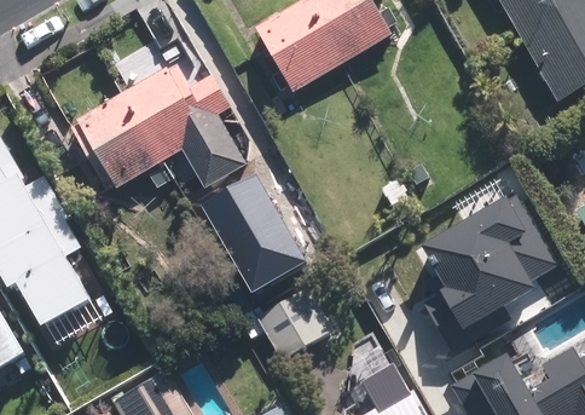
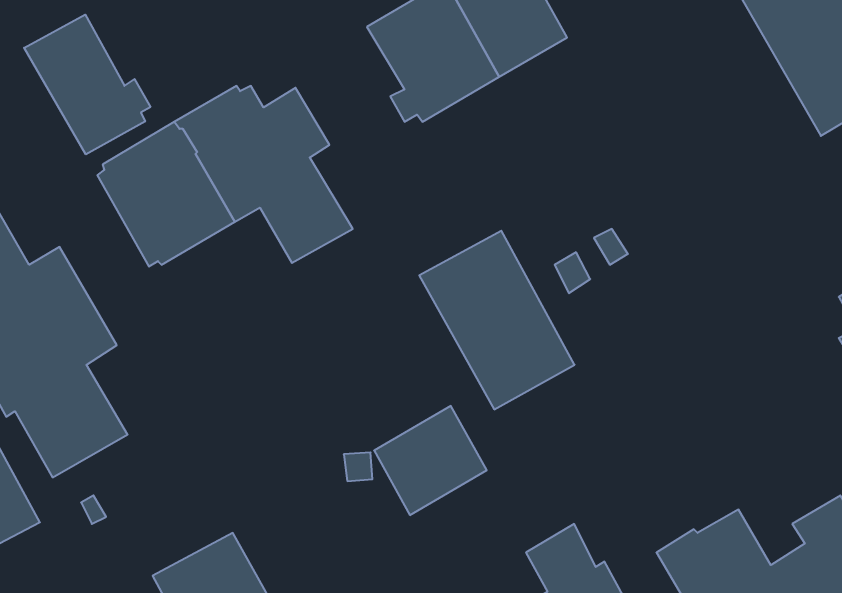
building: none -> [24,15,150,154]
building: [201,169,306,290] -> [419,231,575,409]
building: [418,194,560,352] -> none

